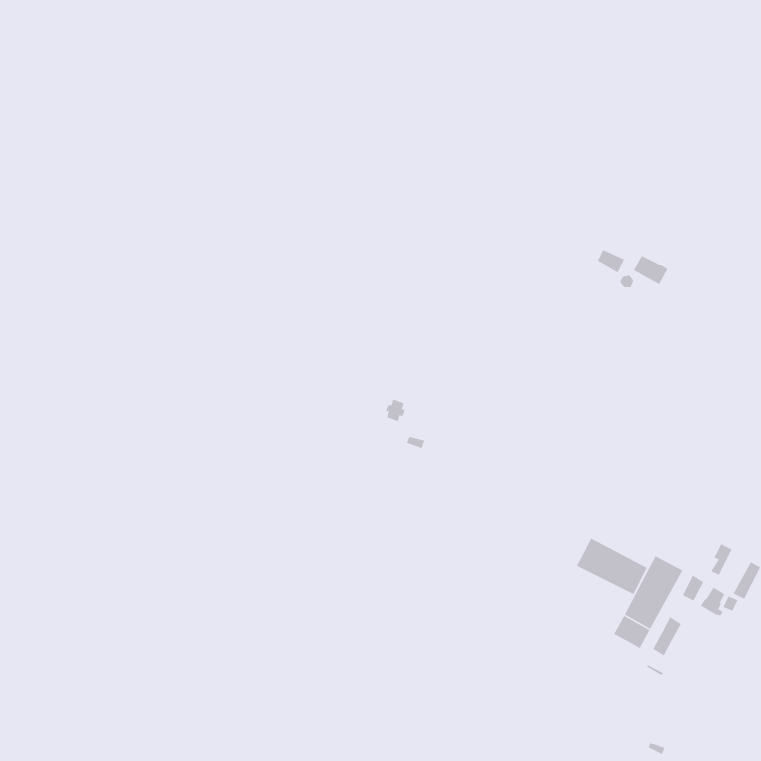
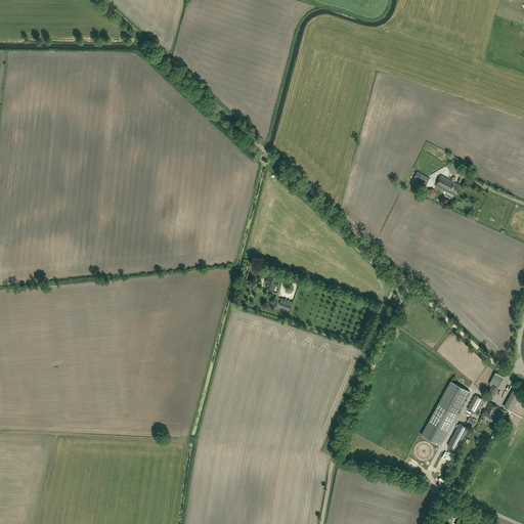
building: [576,538,648,595] -> none

